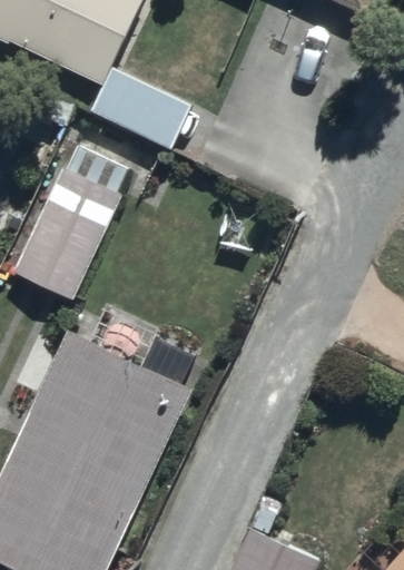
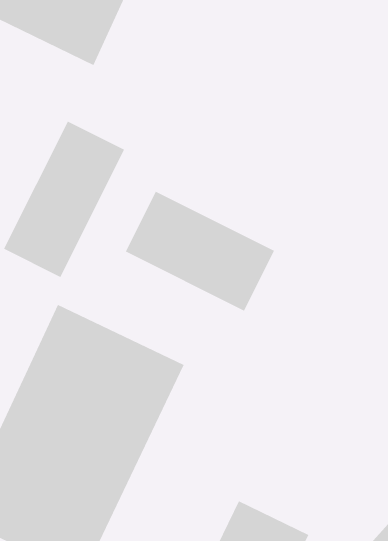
building: none -> [125,191,275,311]

